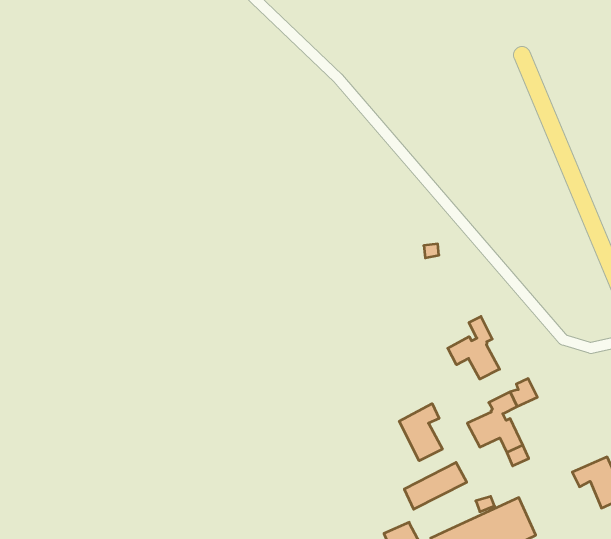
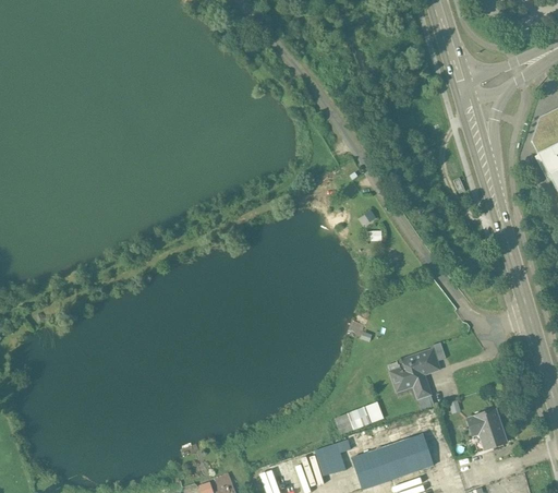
building: [448,316,500,379] -> none
building: [399,404,442,461] -> none

